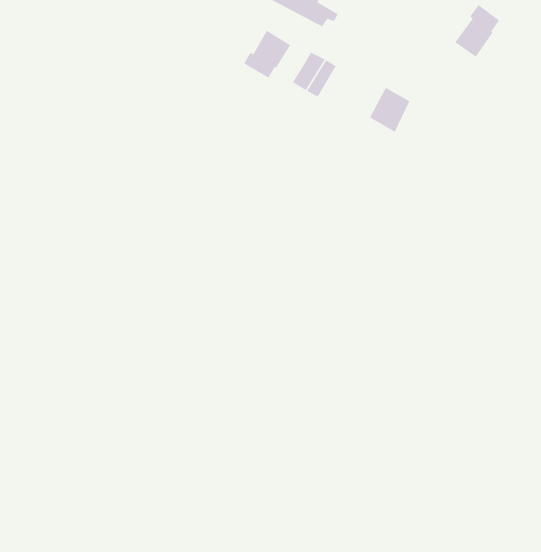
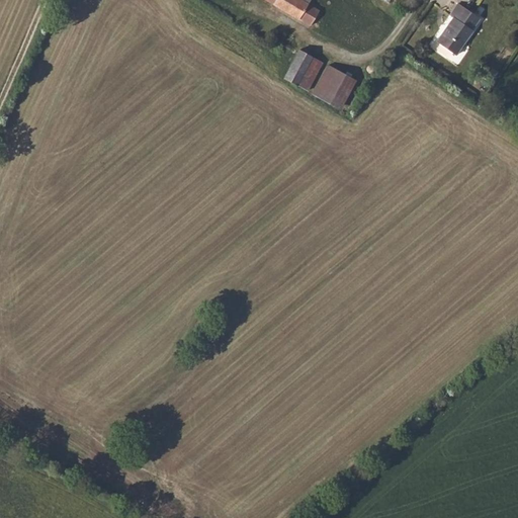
building: [243,30,291,78] -> none
building: [369,87,410,133] -> [317,66,355,108]

